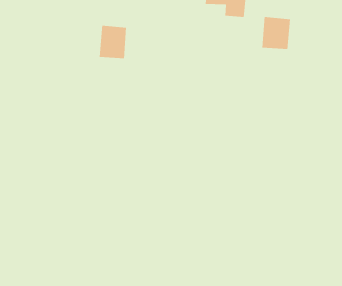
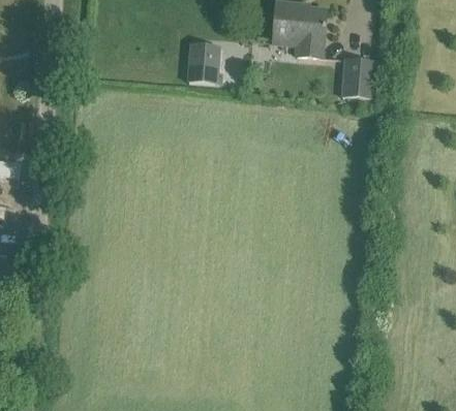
building: [99,25,127,59] -> [186,42,220,84]

